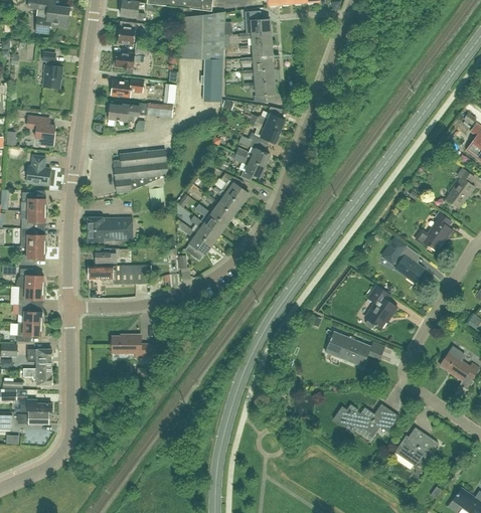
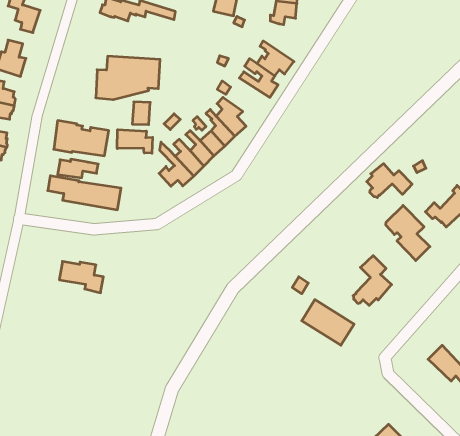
building: [251,106,285,131] -> none
building: [233,153,265,180] -> none
building: none -> [367,164,412,198]
building: none -> [117,130,153,153]
building: [332,403,398,439] -> none

